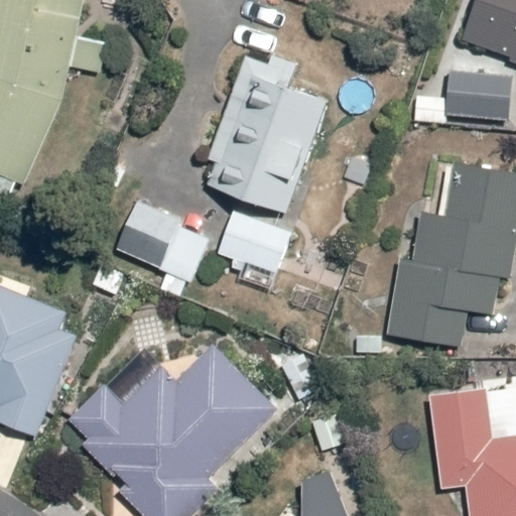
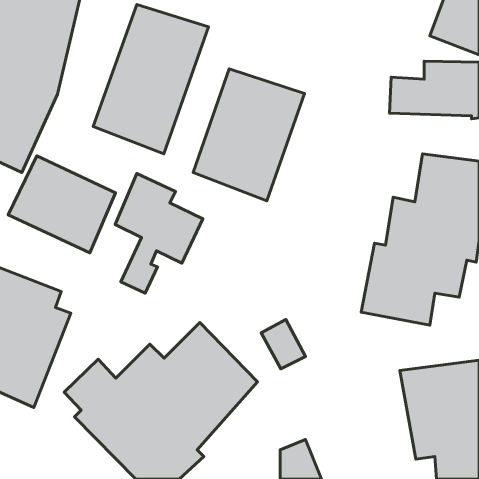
building: none -> [93,5,208,154]
building: none -> [8,156,116,253]
building: [221,201,296,285] -> none

